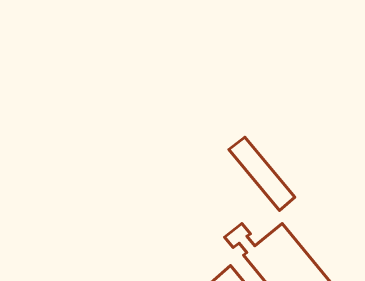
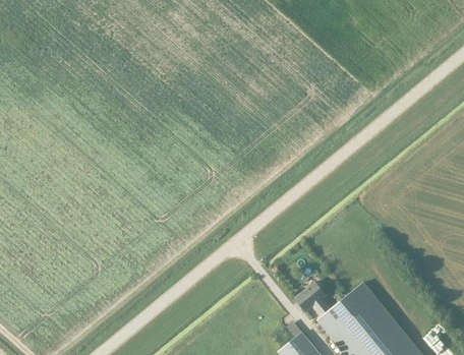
building: [229,137,295,210] -> none

